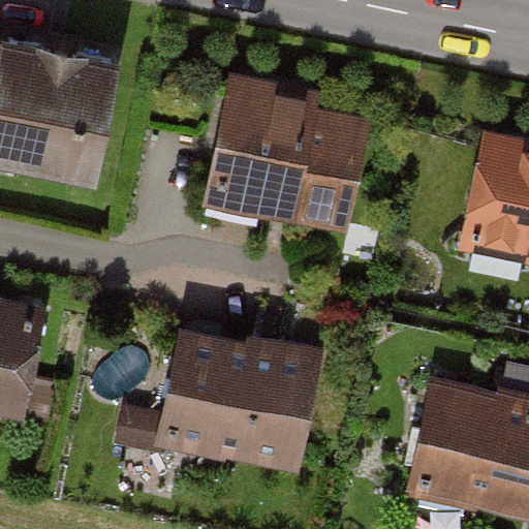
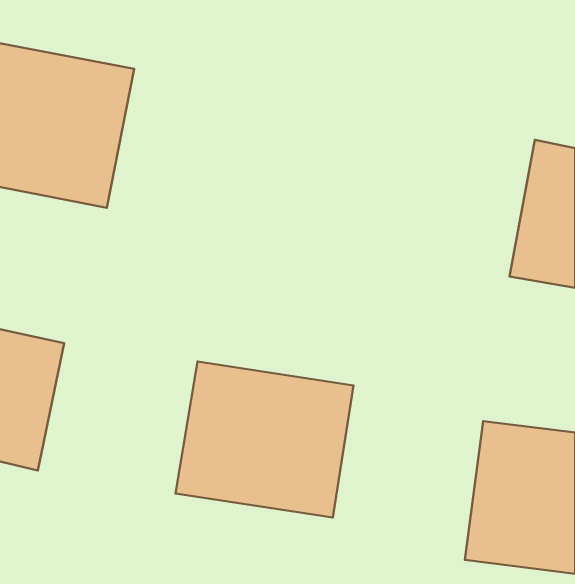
building: [209,84,368,235] -> none

